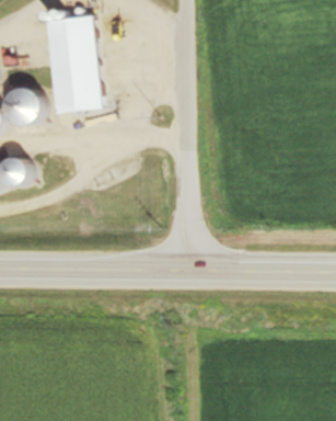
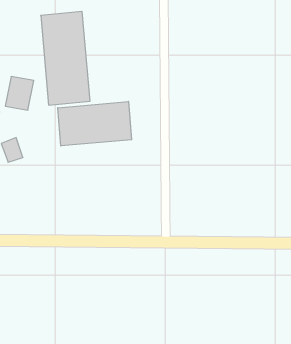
building: none -> [58,101,132,146]

